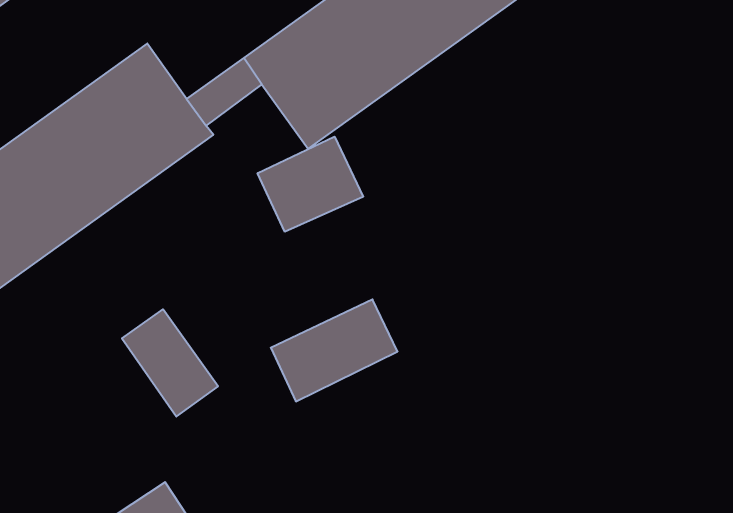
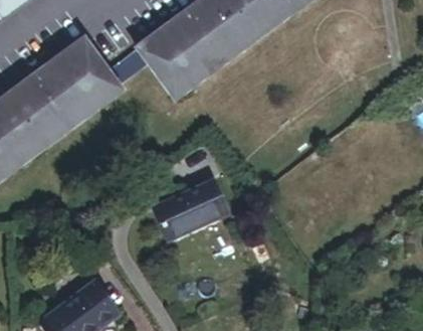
building: [258,137,363,232] -> none
building: [122,309,218,417] -> none

